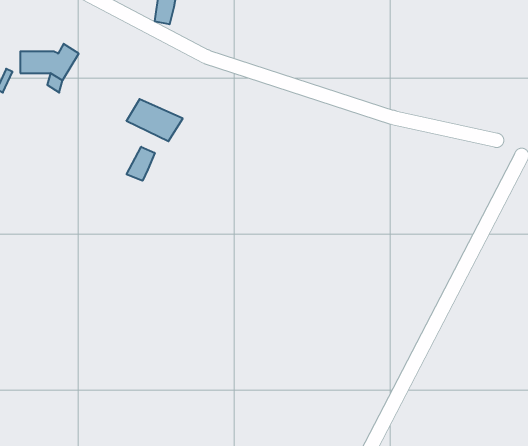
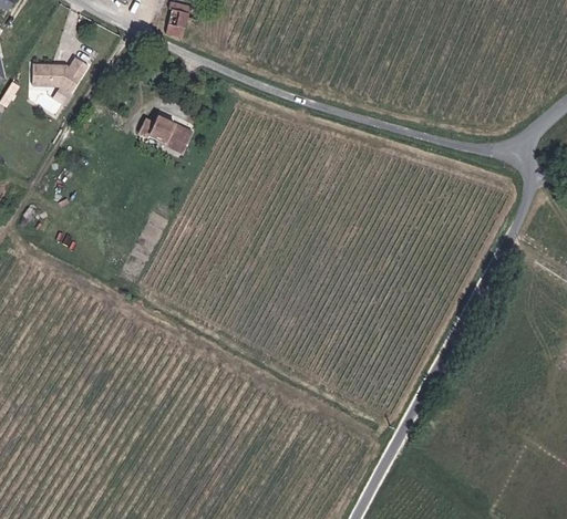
building: [127,147,155,181] -> none

